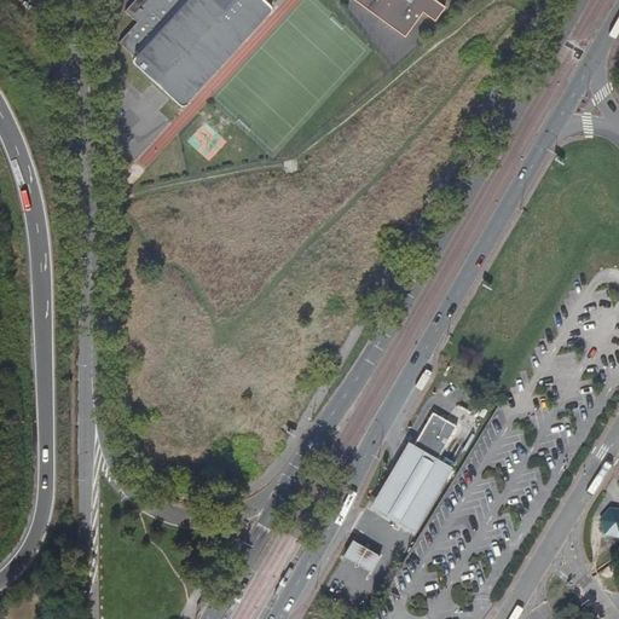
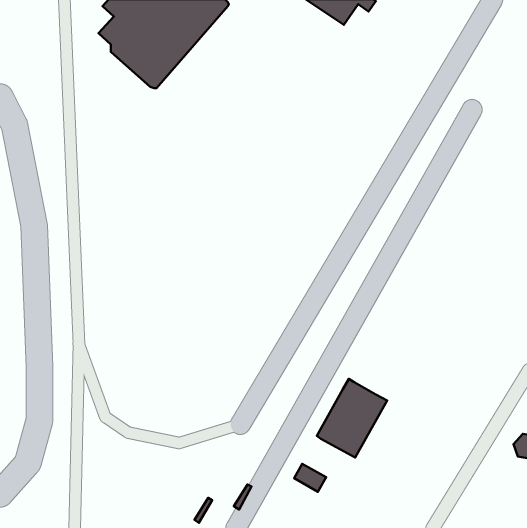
building: [416,412,459,461] -> none

